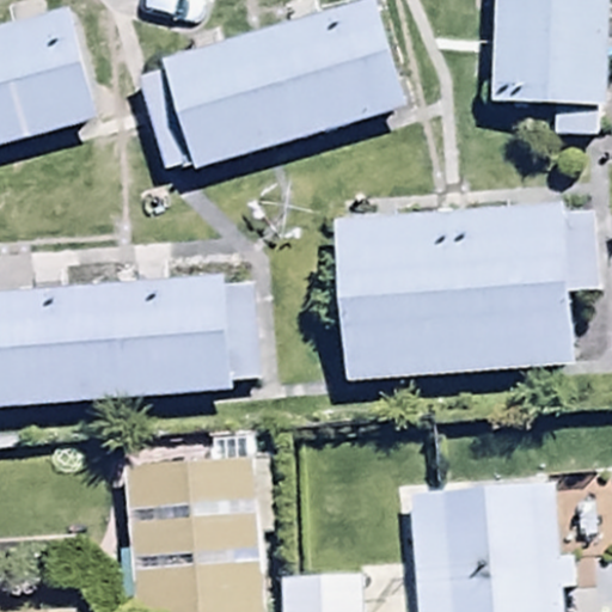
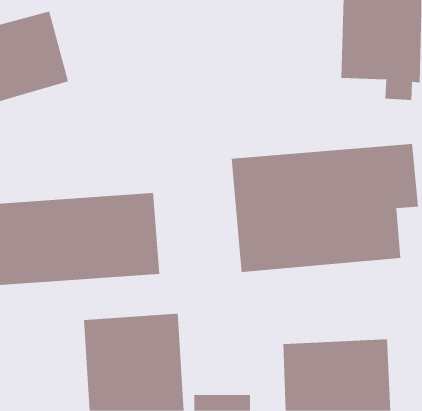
building: [136,5,402,175] -> none

